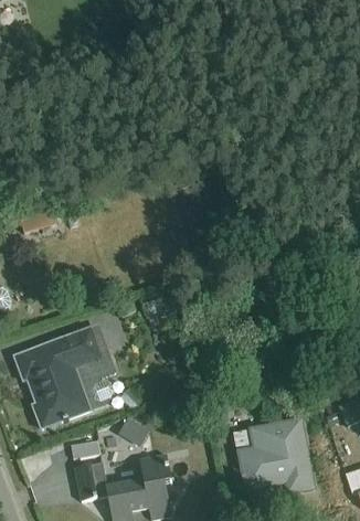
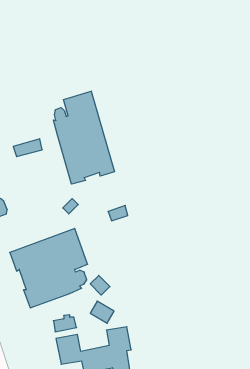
building: none -> [53,91,115,184]
building: [233,416,314,493] -> none

